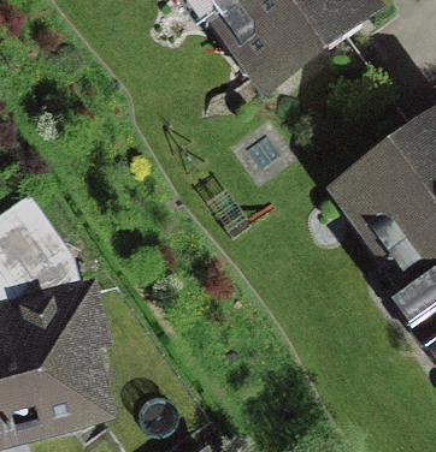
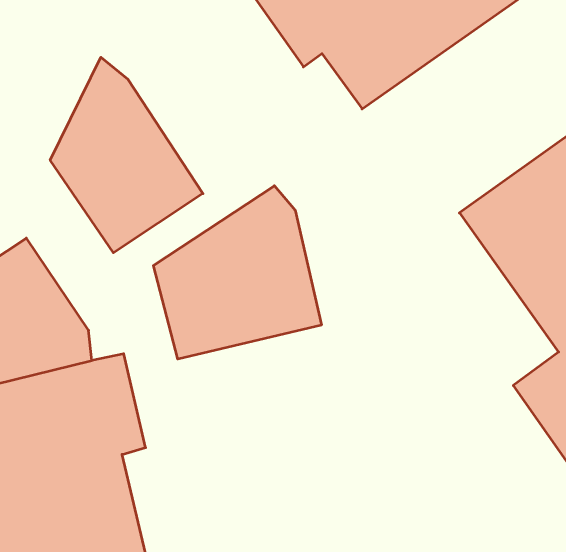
building: none -> [50,57,203,253]
building: none -> [153,186,321,359]

